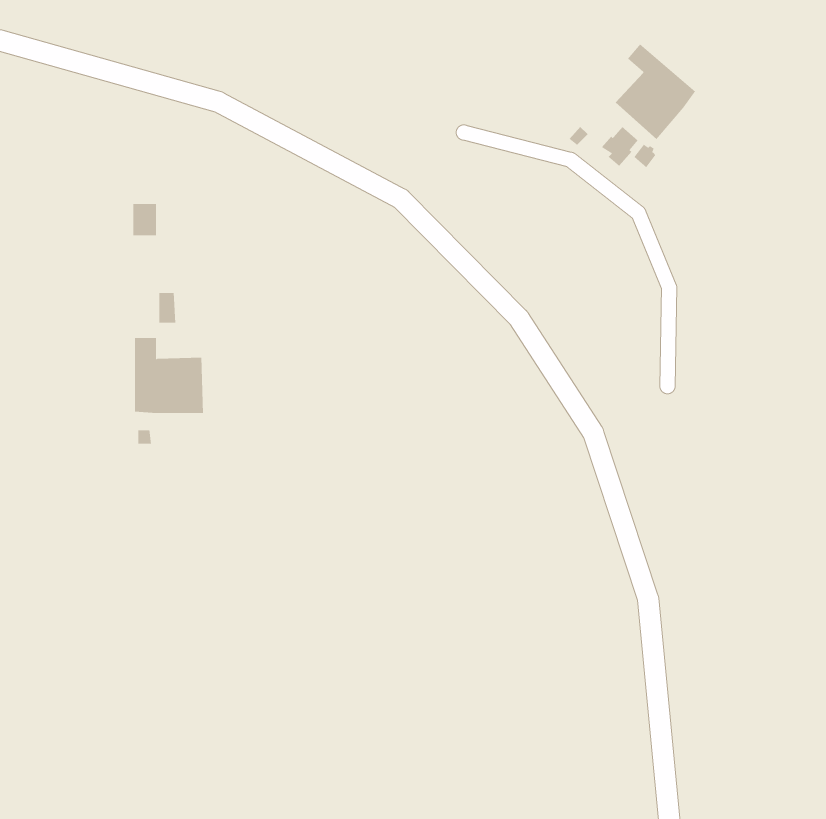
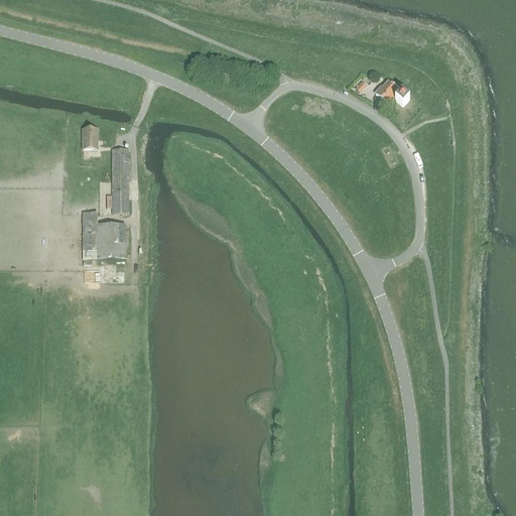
building: [615,43,696,140] -> none
building: none -> [112,147,129,212]

